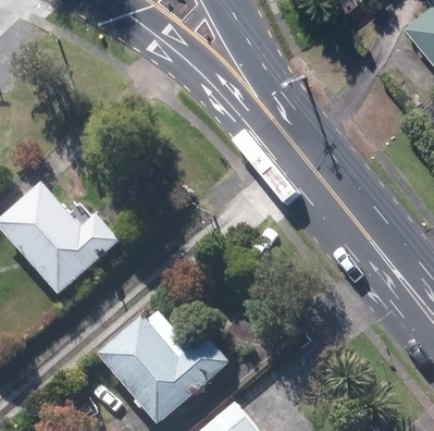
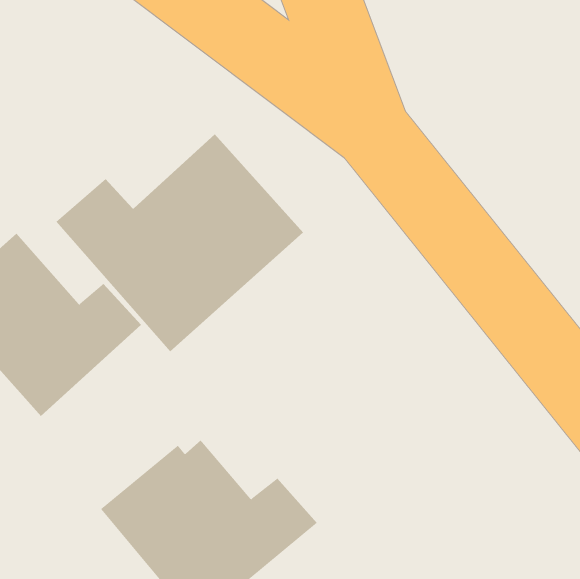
building: none -> [56,134,304,352]

